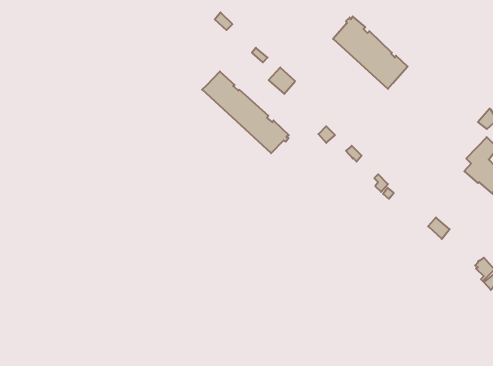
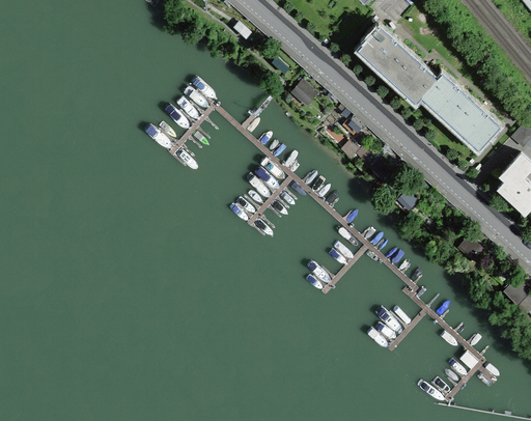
building: none -> [421,74,500,149]
building: [202,71,289,153] -> none

